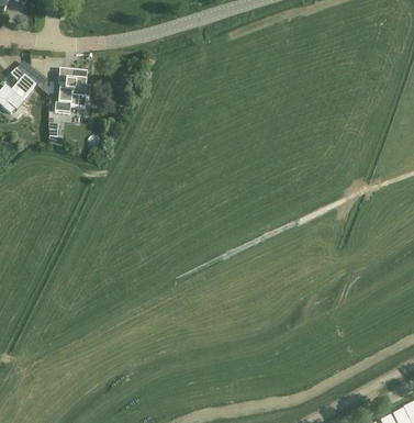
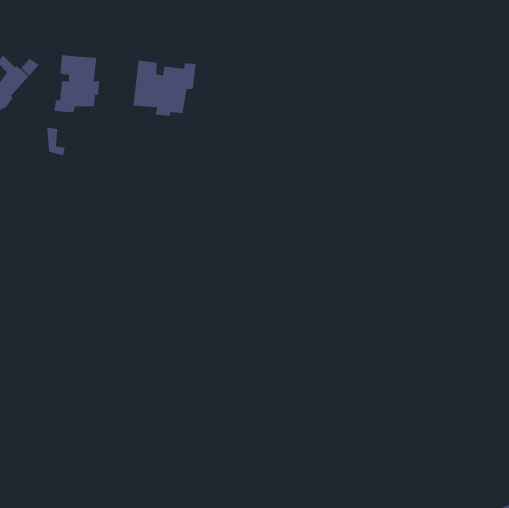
building: none -> [133,60,196,117]

